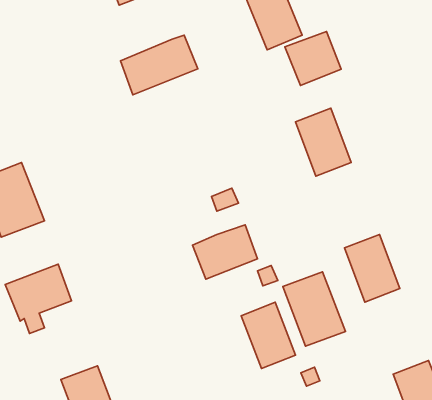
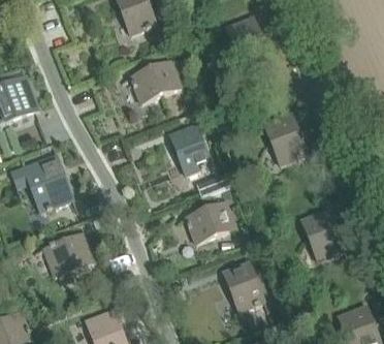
building: [285,32,341,85] -> none
building: none -> [169,124,211,174]
building: [283,272,345,346] -> none

